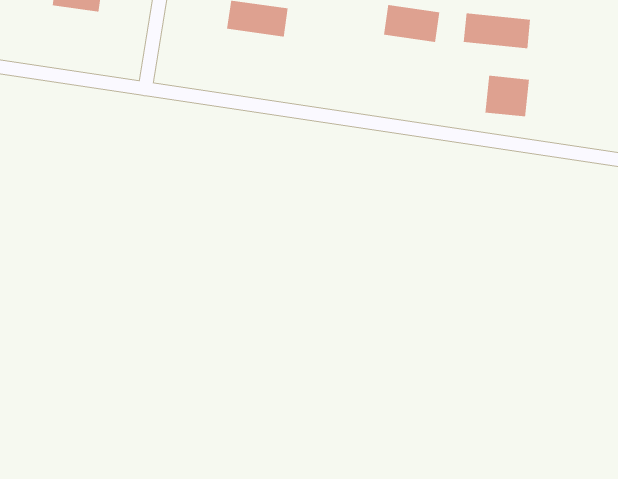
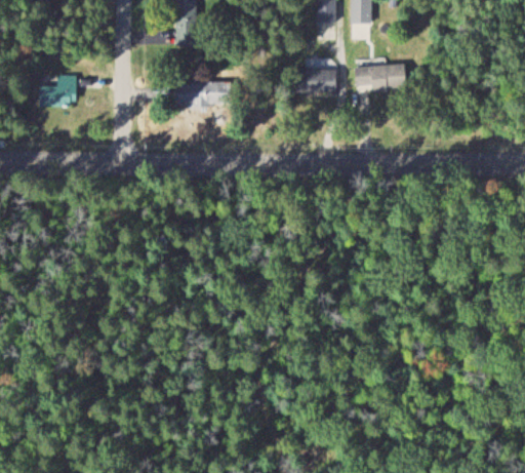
building: [485,75,529,117] -> none

